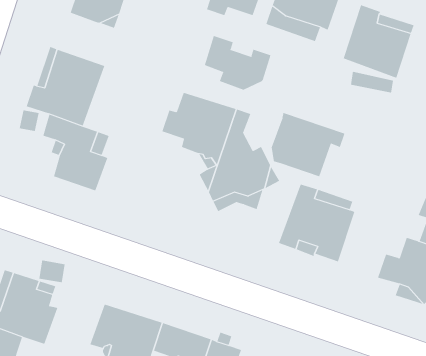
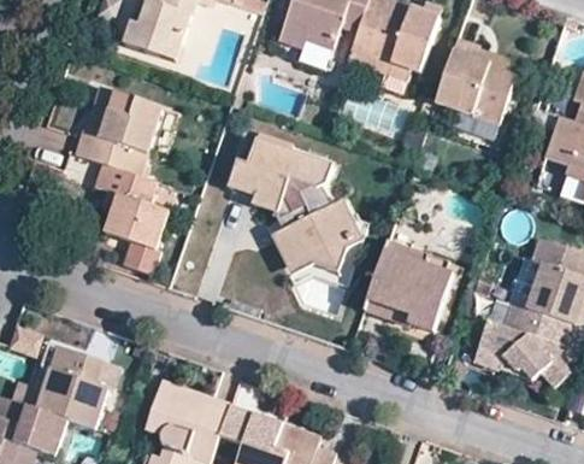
building: [204,35,271,90] -> none
building: [271,112,345,177] -> none

